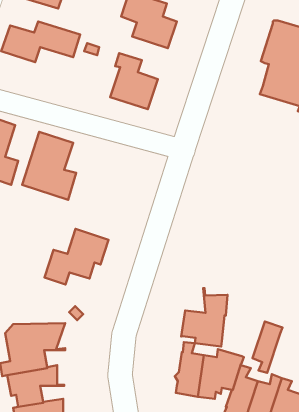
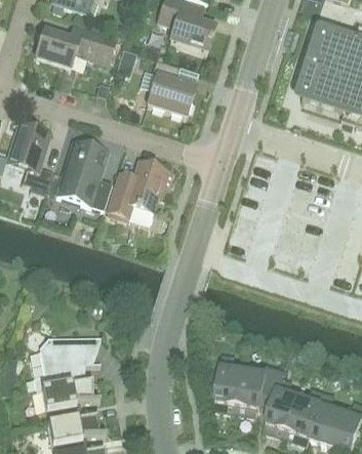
building: [45,229,108,285] -> [107,161,172,218]
building: [181,288,227,347] -> none
building: [253,322,283,373] -> none

